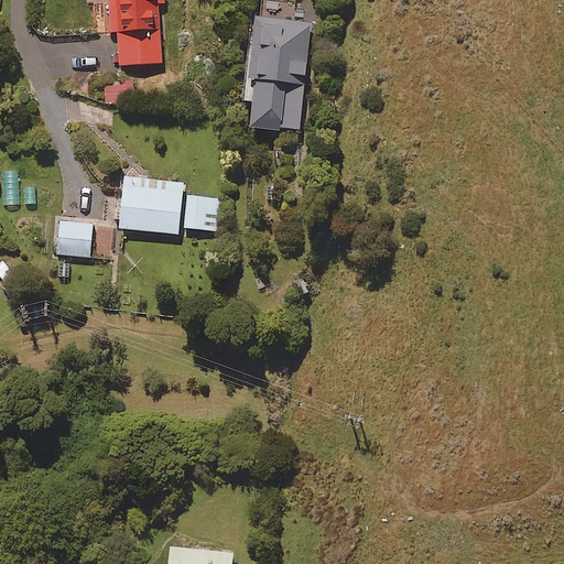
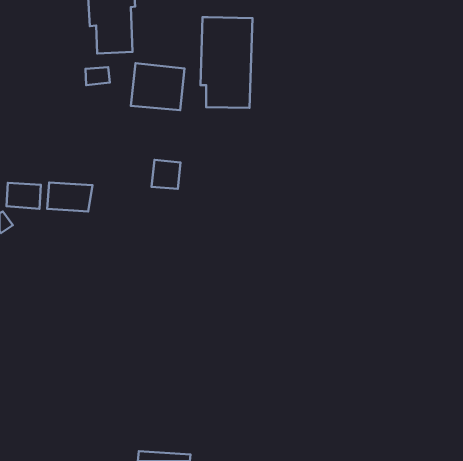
building: [118,176,183,234] -> [131,63,185,110]
building: none -> [6,183,41,209]

